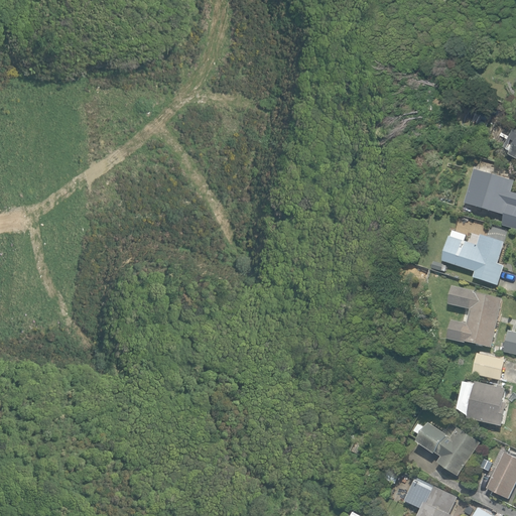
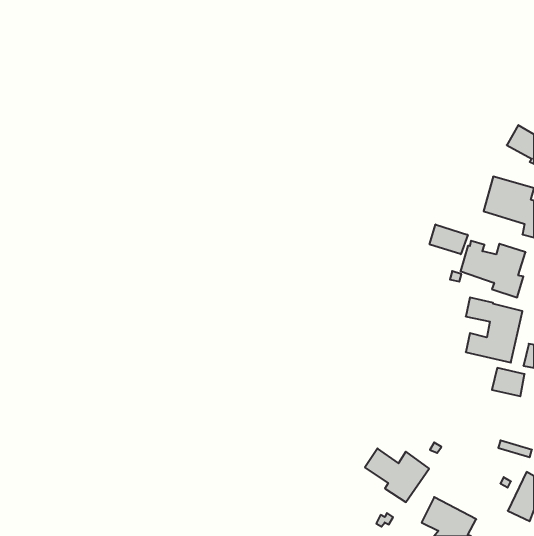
building: none -> [430,224,468,254]
building: [467,382,505,425] -> none
building: [417,423,479,475] -> [365,448,429,502]

